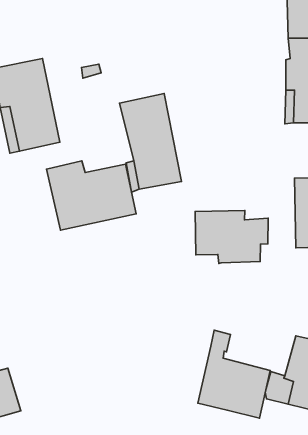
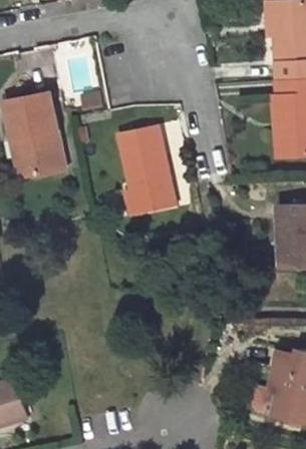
building: [47,161,136,230] -> none
building: [195,210,268,263] -> none
building: [198,330,270,418] -> none

